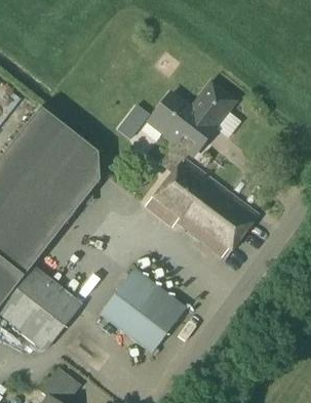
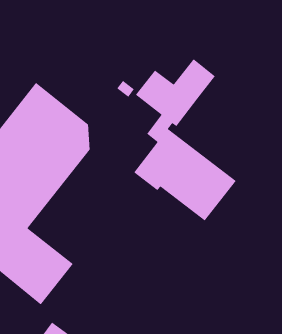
building: [100,268,186,353] -> none

